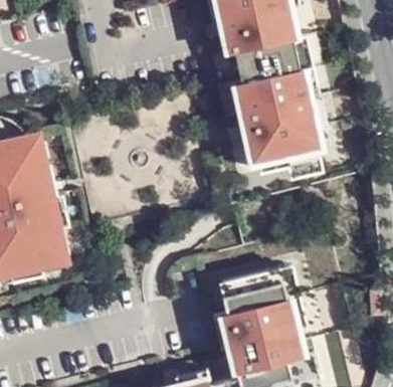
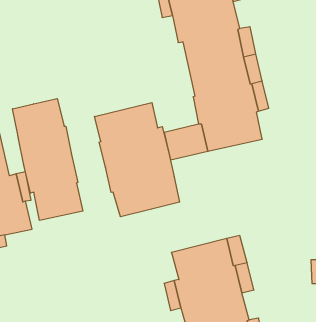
building: none -> [13,99,83,220]
building: none -> [95,103,180,217]

